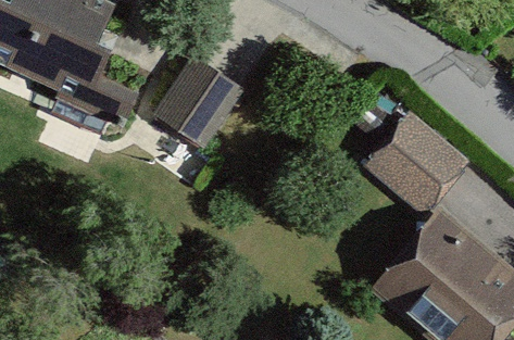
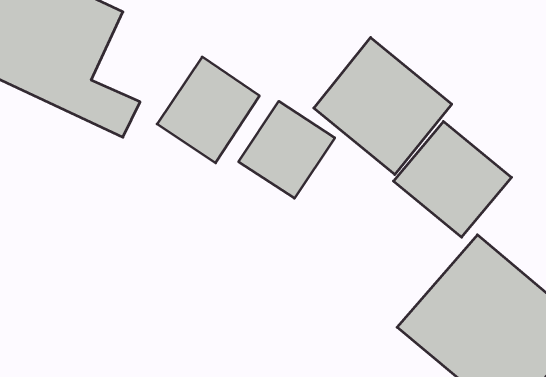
building: none -> [314,37,452,175]
building: none -> [239,101,335,198]

